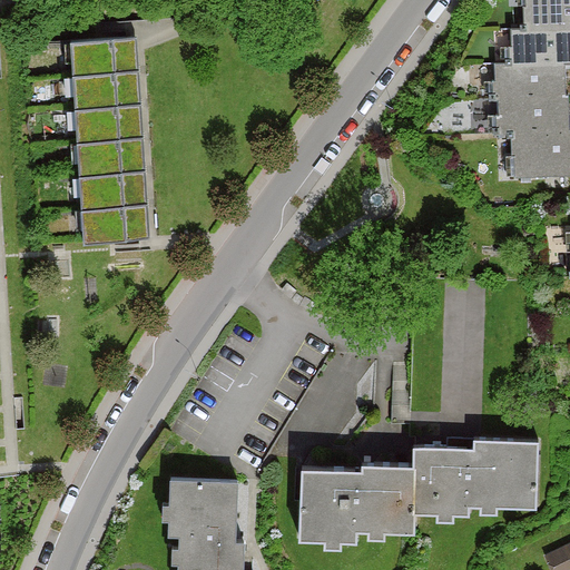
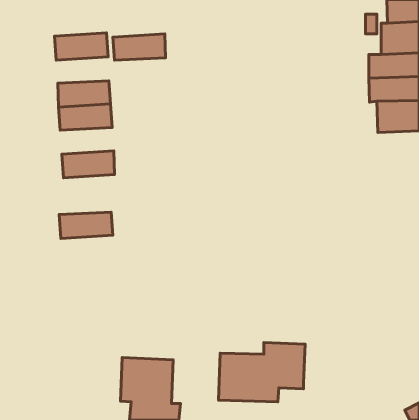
building: [76,77,147,112] -> [113,34,165,60]
building: [81,173,154,208] -> [59,212,113,238]
building: [410,439,539,520] -> none

